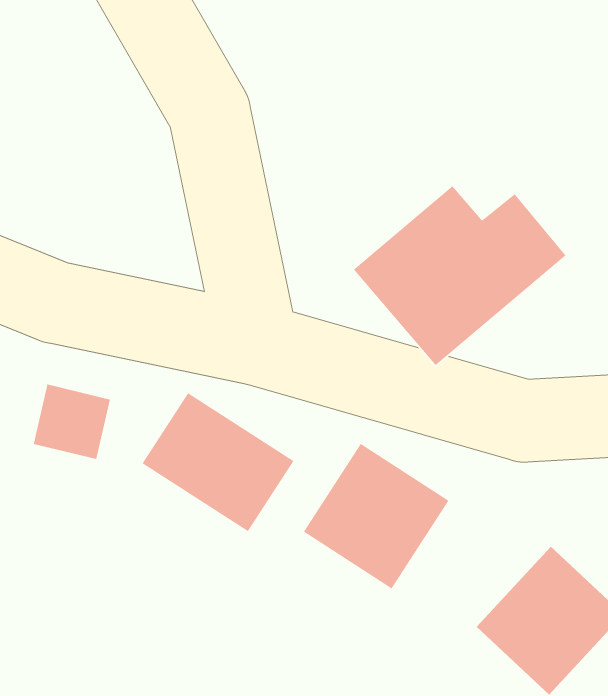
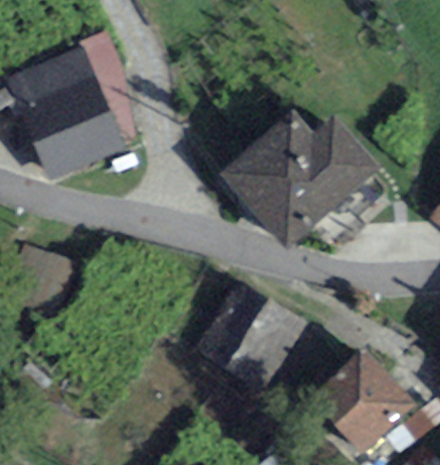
building: none -> [17,60,118,172]
building: [142,392,295,532] -> none

